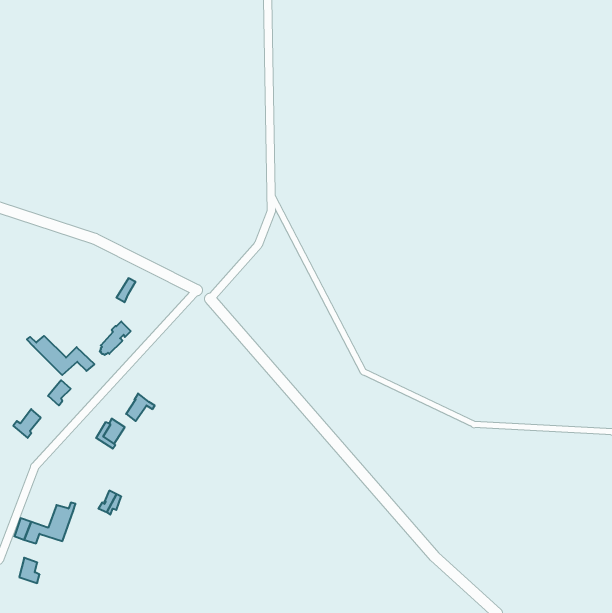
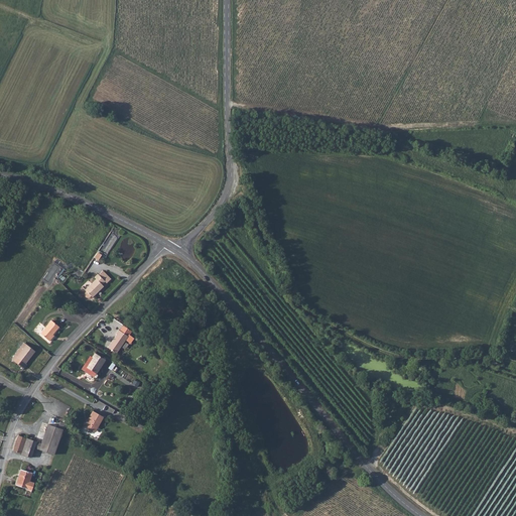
building: [27,336,94,375] -> none

